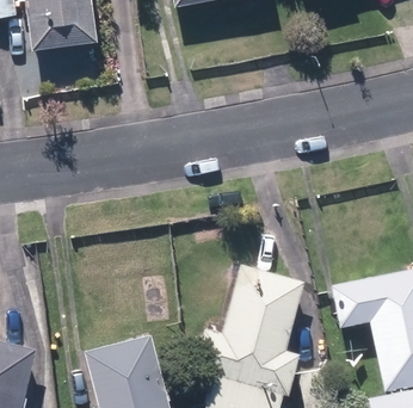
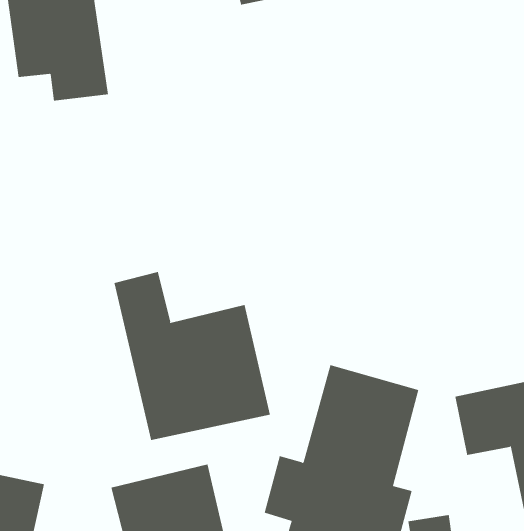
building: none -> [114,271,271,441]

